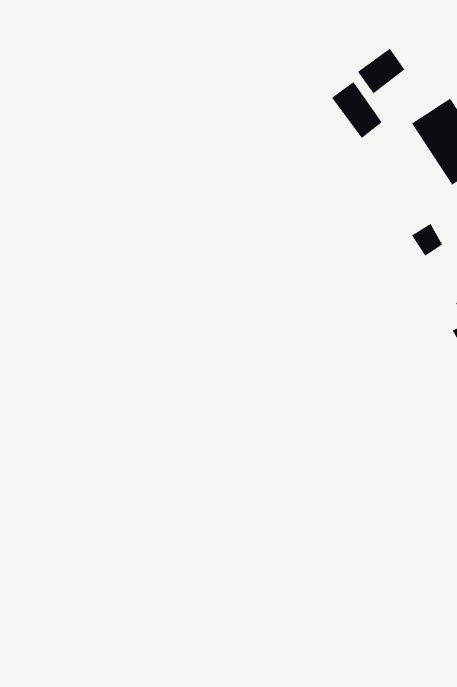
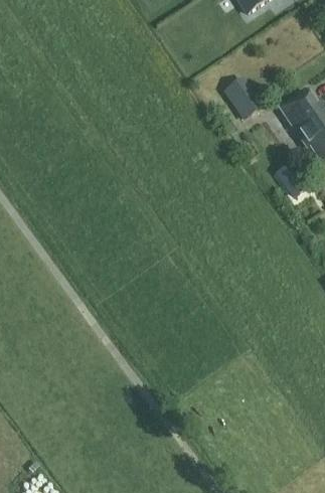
building: [357,48,405,94] -> none

